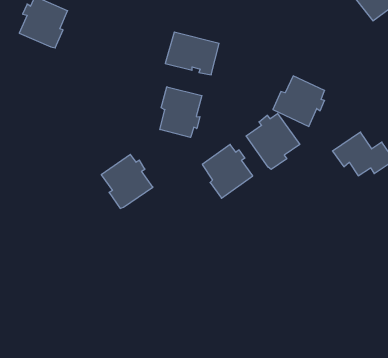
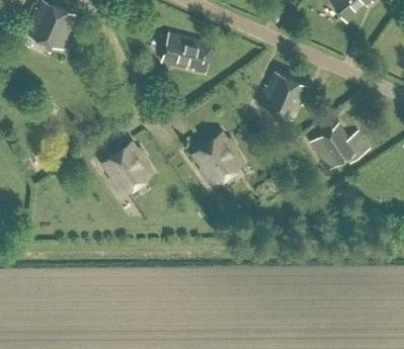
building: [160,87,202,137] -> none
building: [246,113,300,169] -> none

